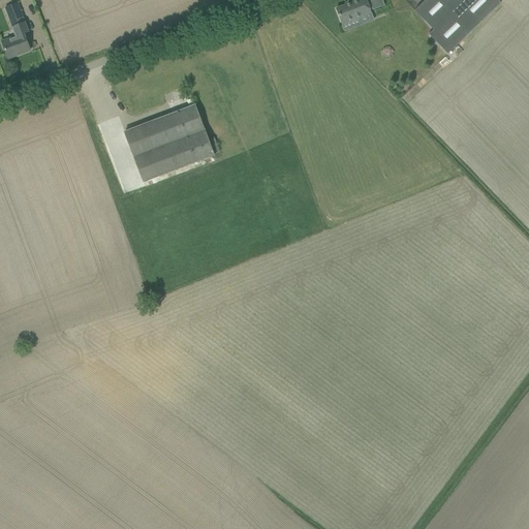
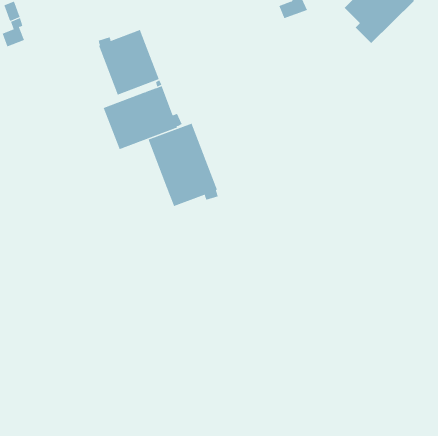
building: none -> [98,29,159,95]
building: none -> [148,123,218,207]

